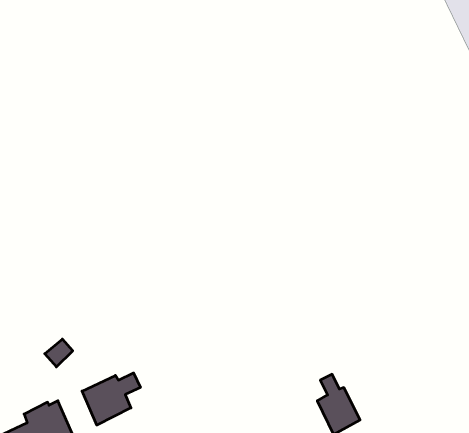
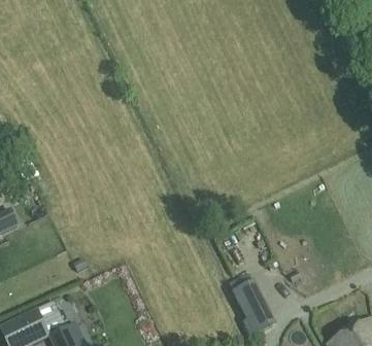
building: [82,373,140,425] -> none

